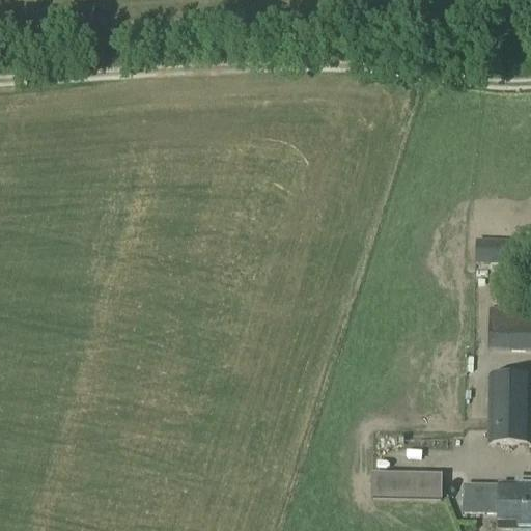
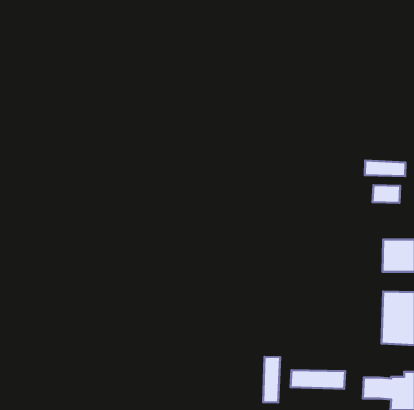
building: none -> [365,161,406,176]
building: none -> [263,357,280,402]

